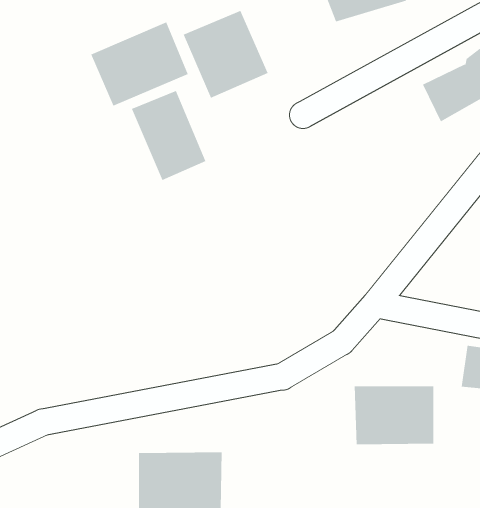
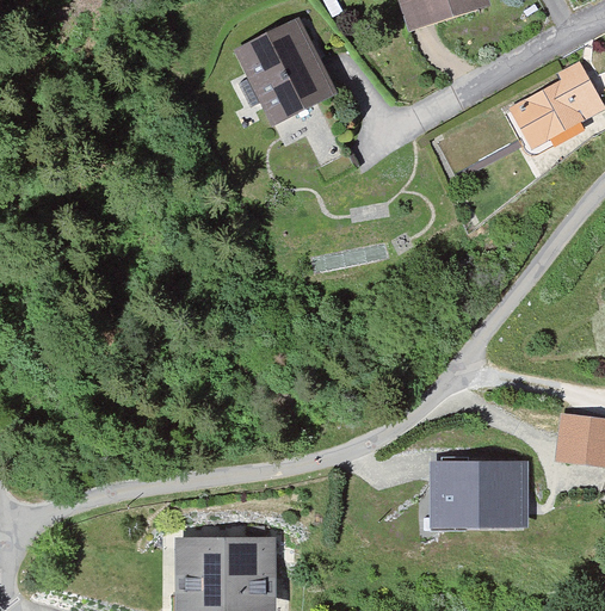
building: [90,22,189,107] -> none
building: [131,90,206,181] -> none

